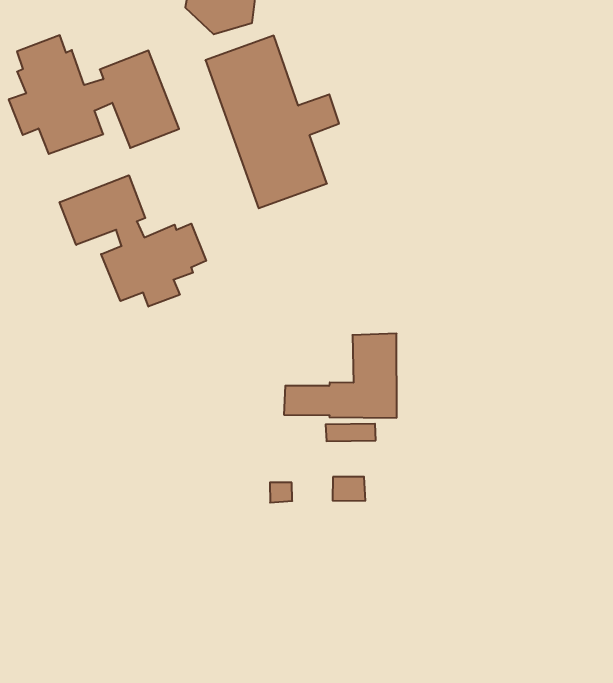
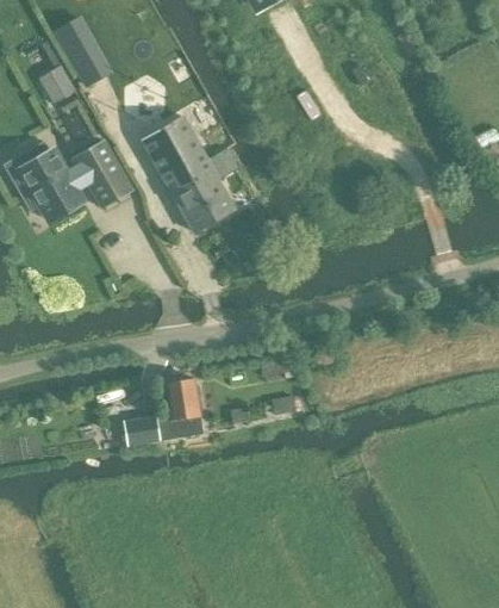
building: [60,175,206,307] -> none
building: [284,334,397,418] -> [127,378,204,443]

